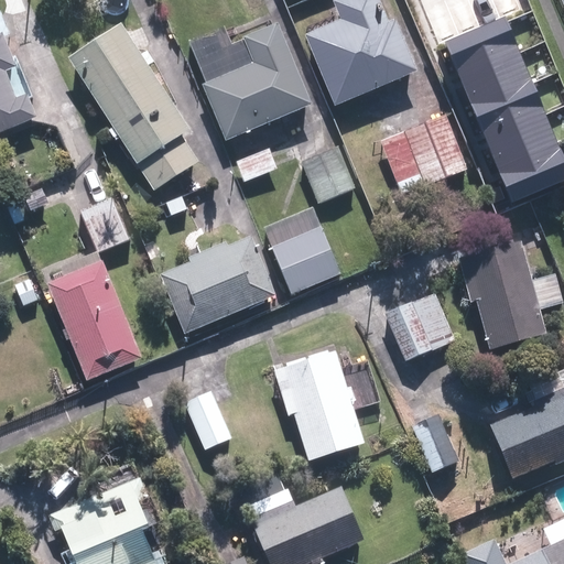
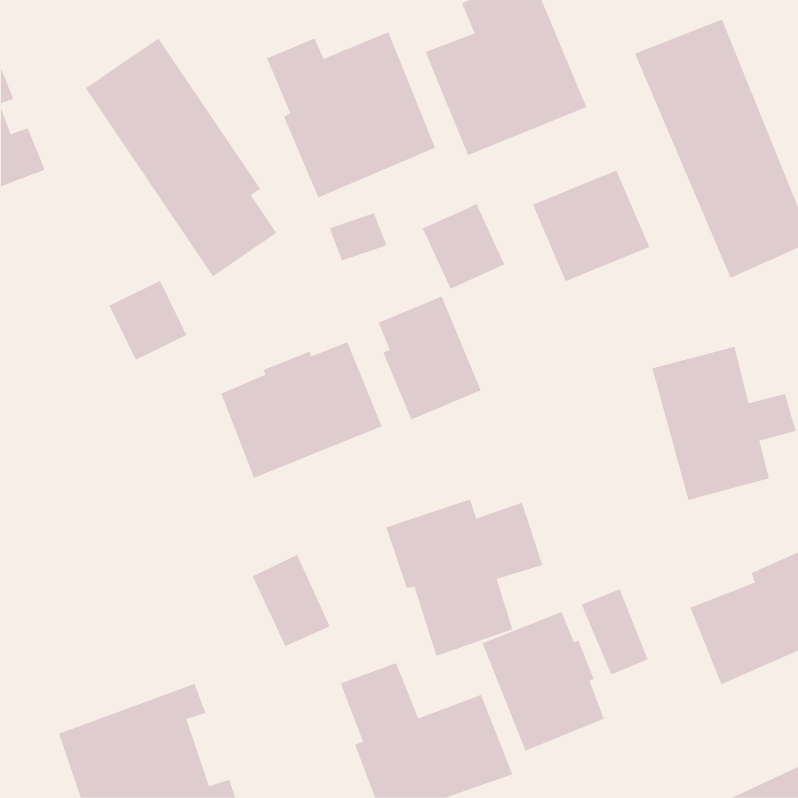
building: [46,264,138,380] -> none
building: [383,292,453,361] -> none
building: none -> [482,611,604,752]

